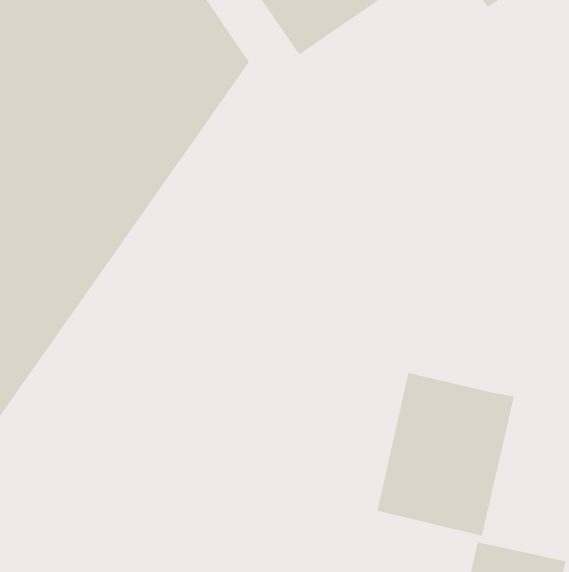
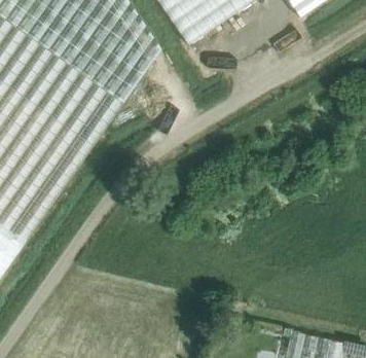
building: [377,372,514,537] -> none

